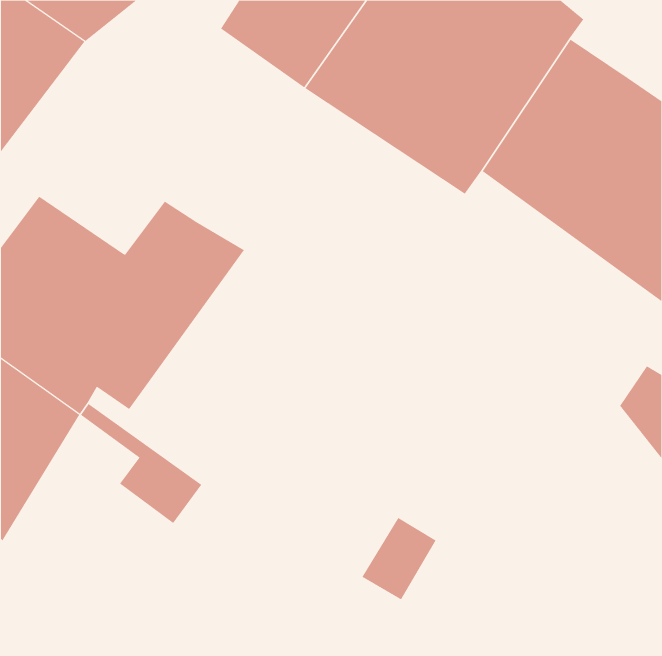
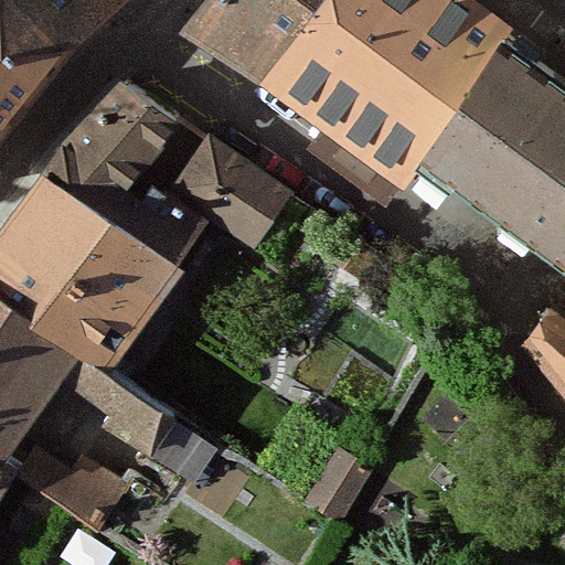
building: none -> [33,76,182,222]
building: none -> [168,140,287,245]
building: none -> [18,439,126,526]

